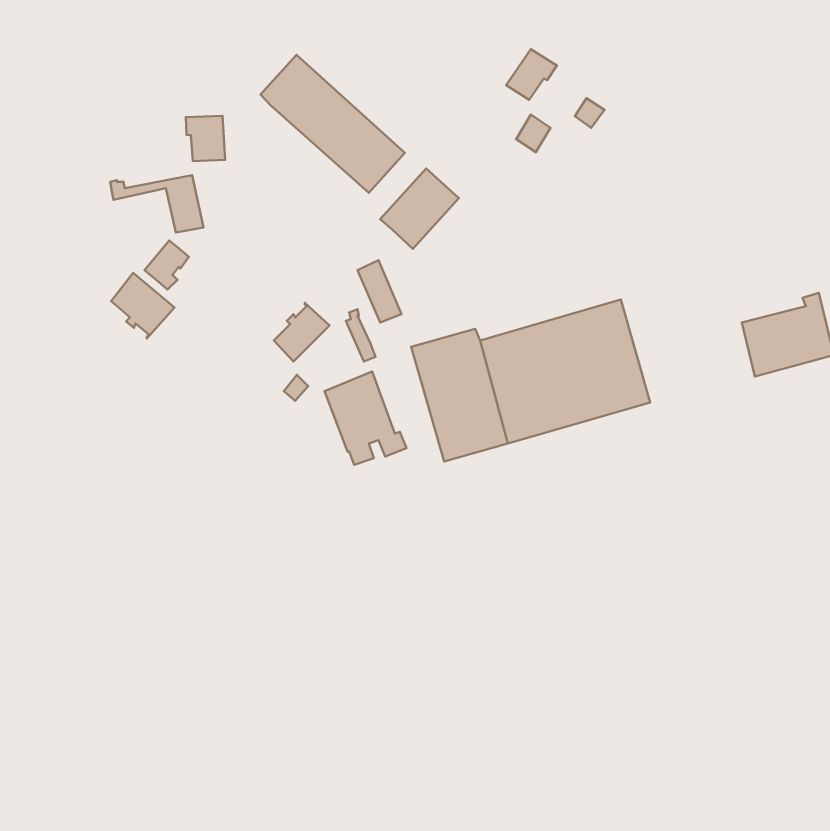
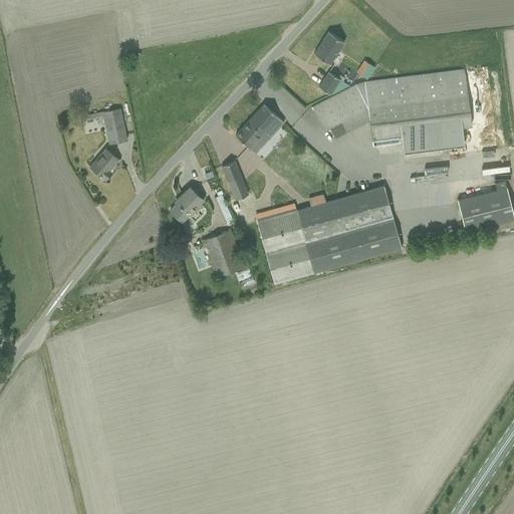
building: [260,55,405,193] -> none
building: none -> [311,69,472,152]
building: [186,116,225,161] -> none
building: [111,273,174,339] -> none

